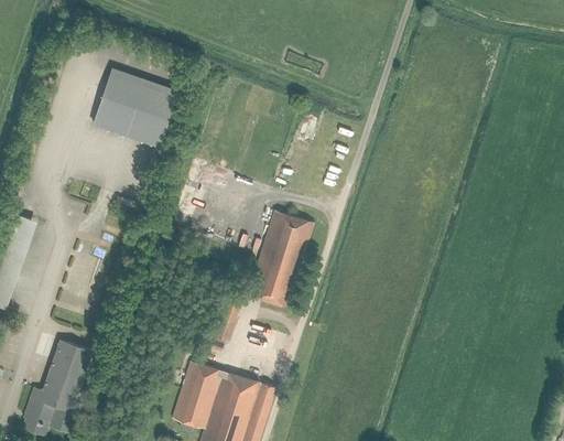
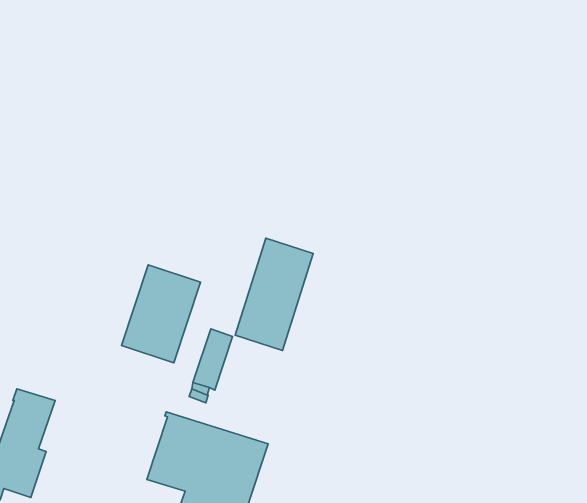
building: [91,67,178,147] -> none
building: none -> [121,265,201,363]

